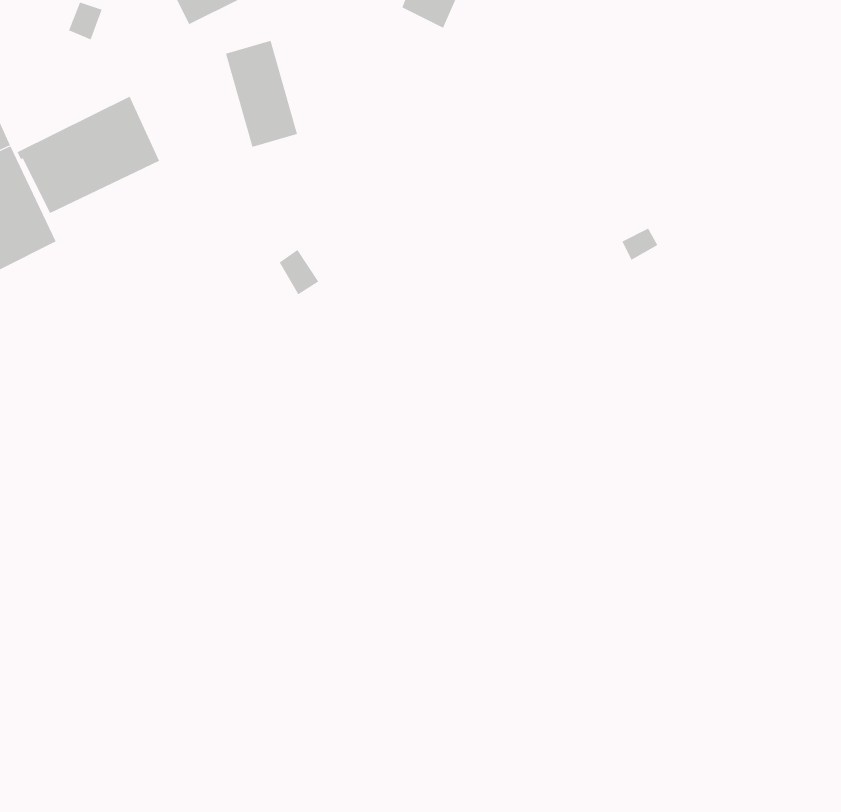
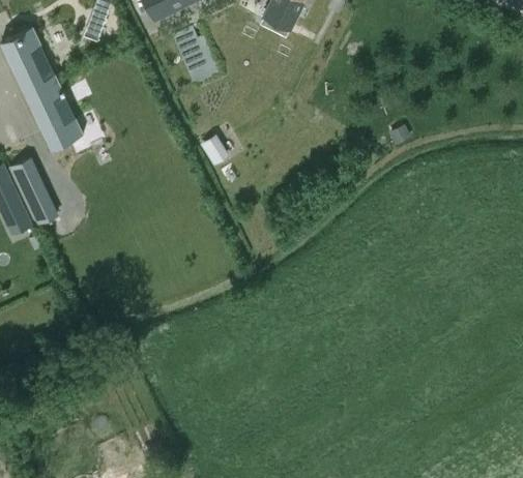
building: [17,96,160,214] -> none

